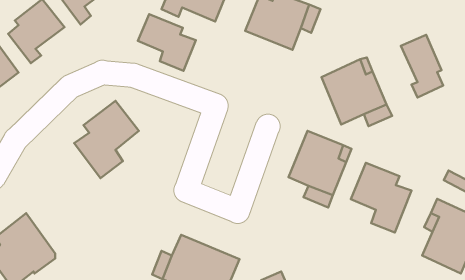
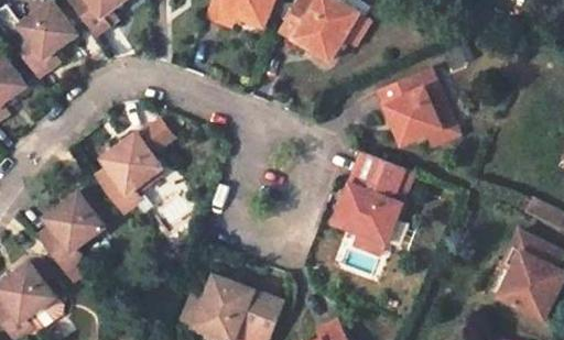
building: [138,14,196,71] -> none
building: [401,35,443,97] -> none
building: none -> [37,188,108,272]
building: [351,163,411,232] -> none

